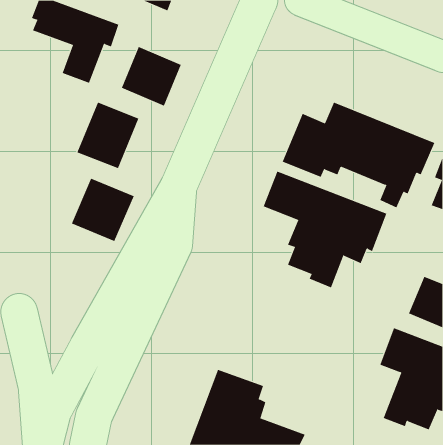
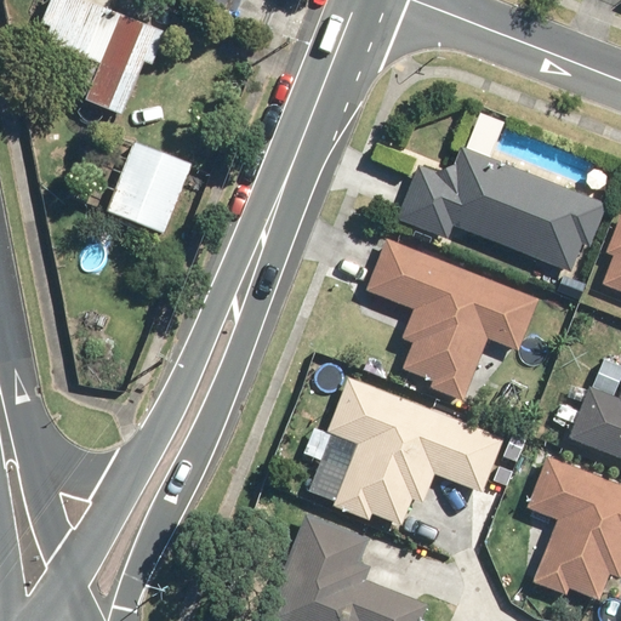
building: [121,46,181,106] -> none
building: [71,178,134,242] -> none
building: none -> [307,376,505,525]

